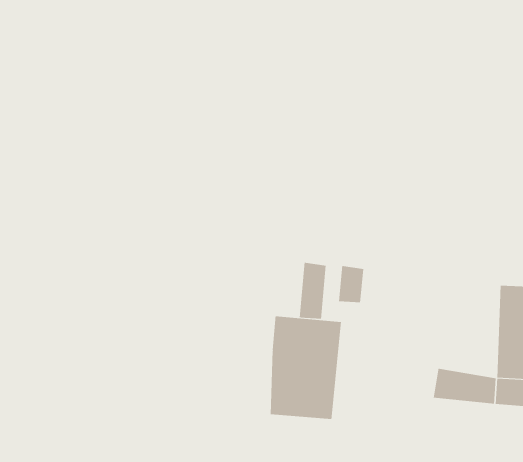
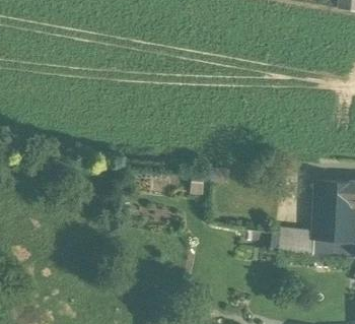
building: [270,316,342,420] -> none

